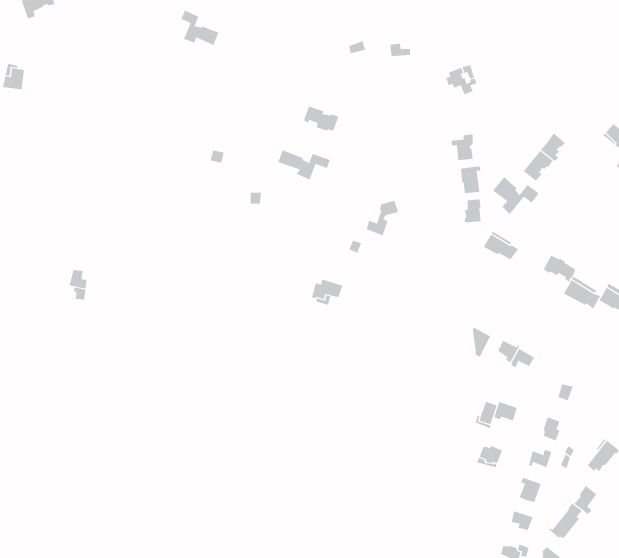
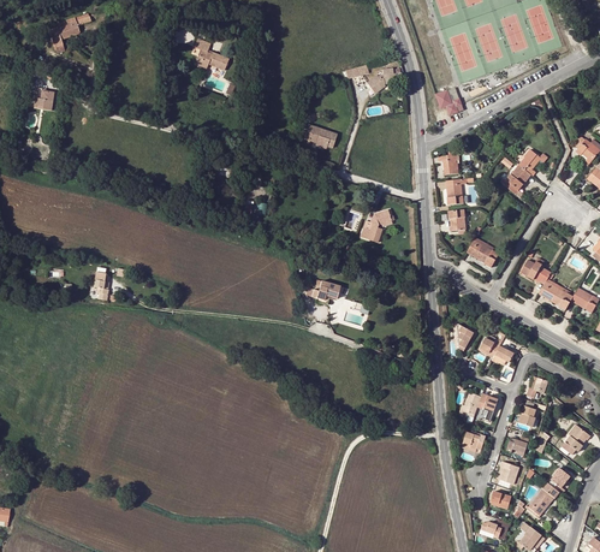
building: [277,149,330,180] -> none
building: [492,176,540,215] -> none

